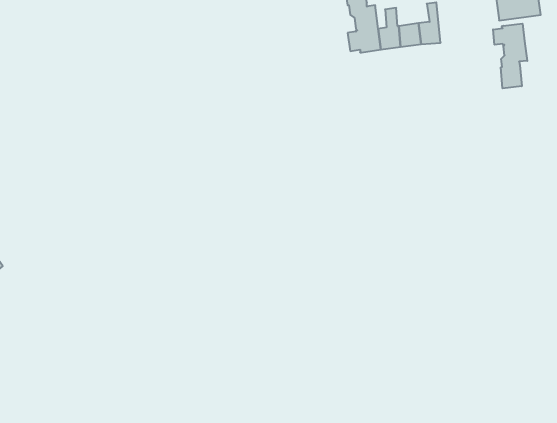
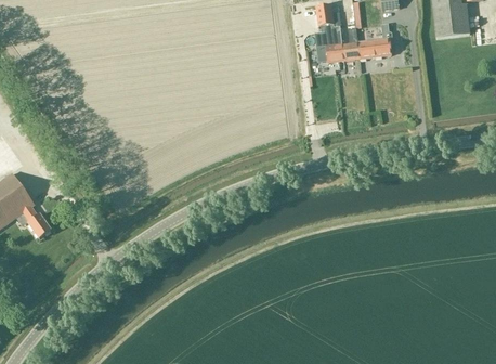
building: [493,24,527,88] -> none

